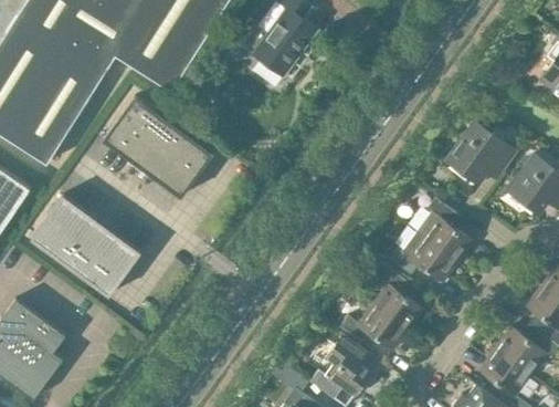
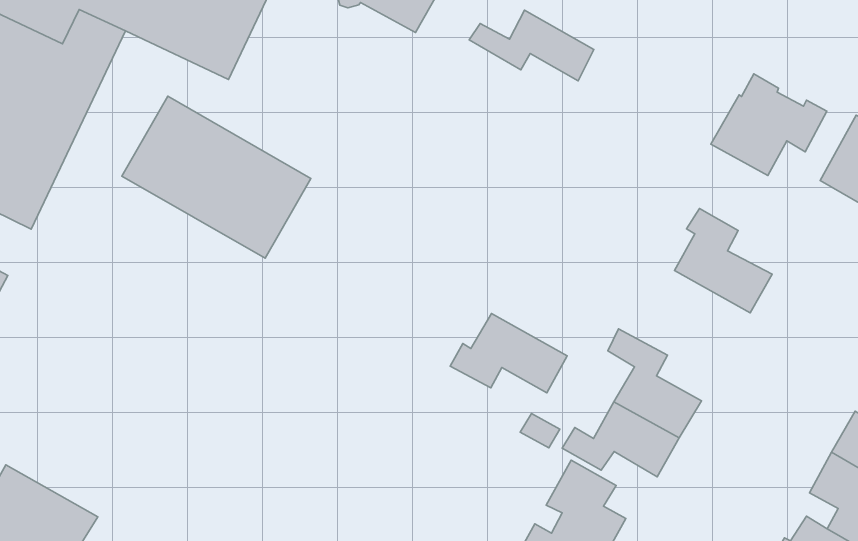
building: none -> [469,10,594,81]
building: [30,195,140,295] -> none
building: [389,232,457,282] -> [450,313,567,393]

